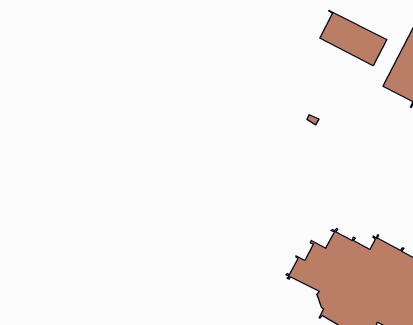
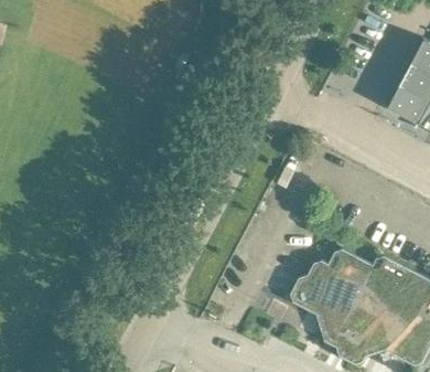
building: [320,10,387,66] -> none

